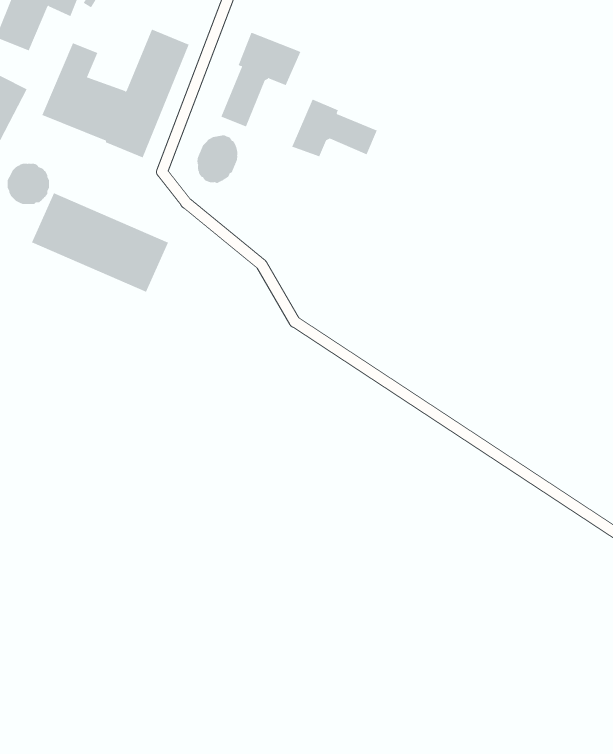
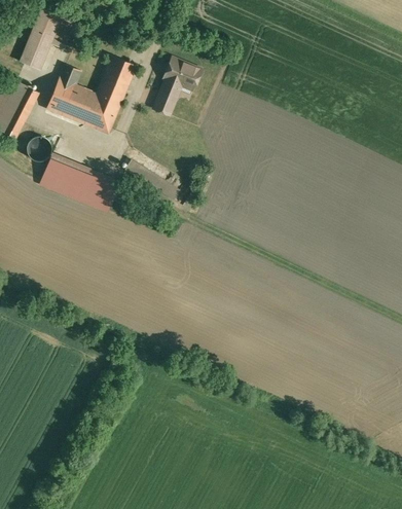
building: [291,98,378,157] -> none
building: [197,135,238,184] -> none

